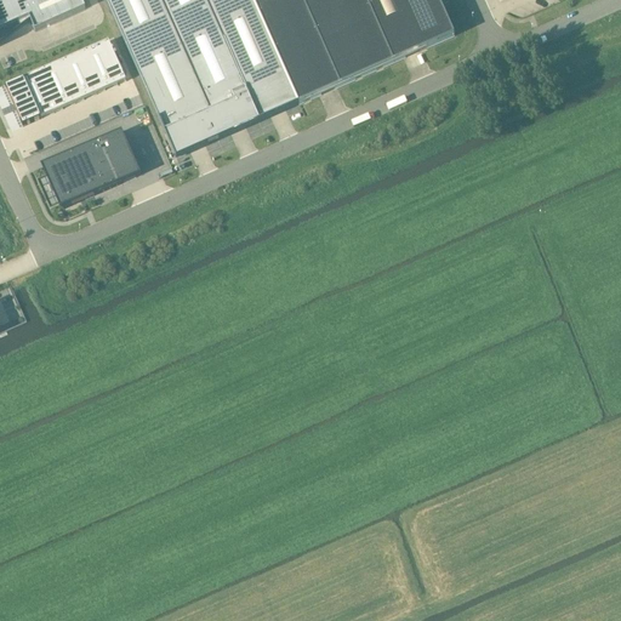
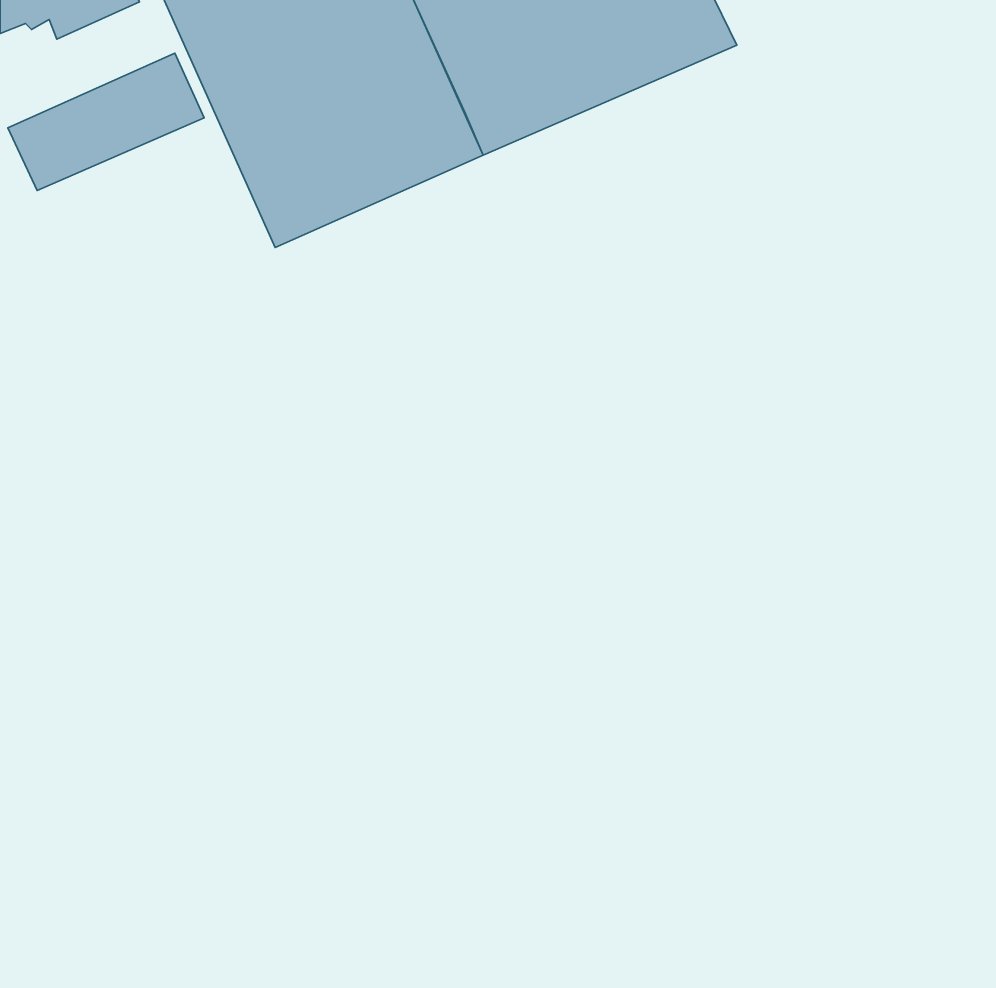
building: [50,124,146,200] -> none

